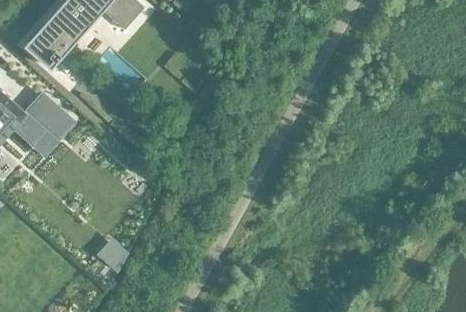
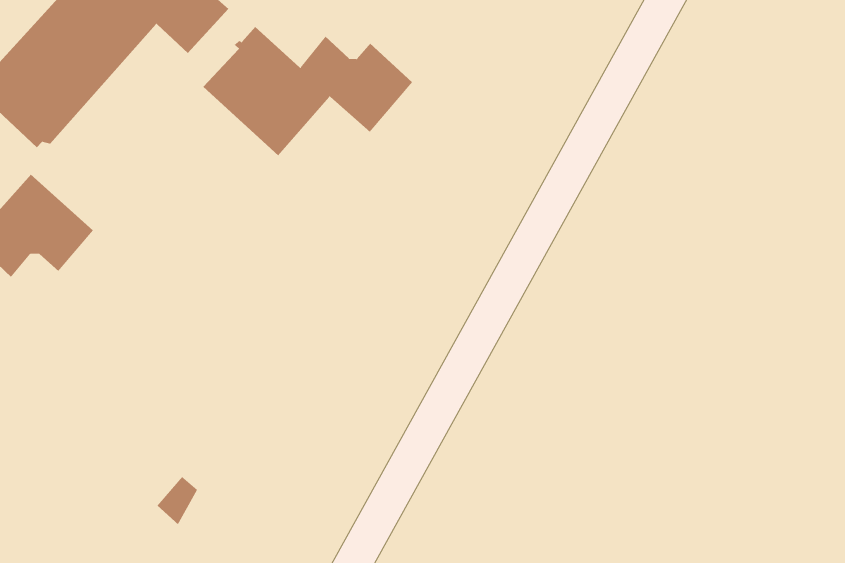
building: none -> [202,26,413,156]

